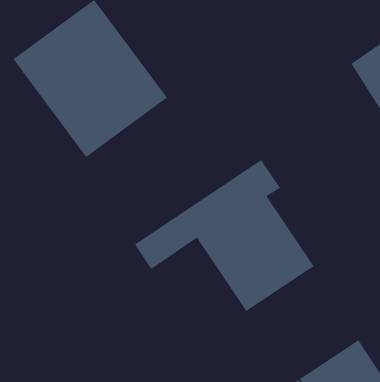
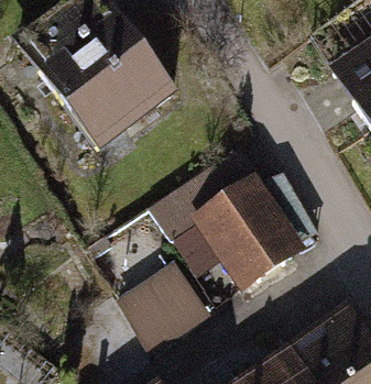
building: none -> [129,264,216,352]

